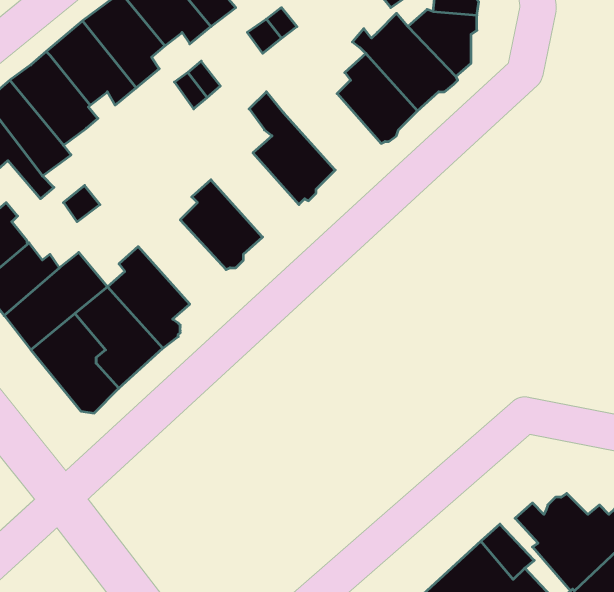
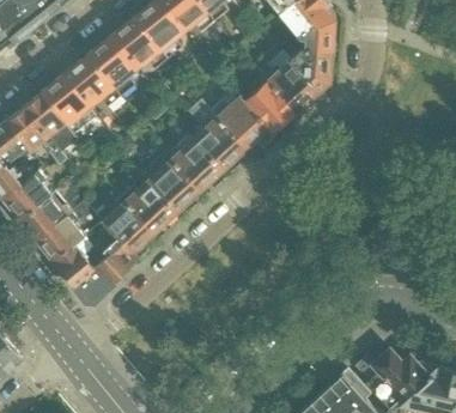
building: none -> [211,93,272,147]
building: none -> [165,133,220,189]
building: none -> [120,178,175,231]

